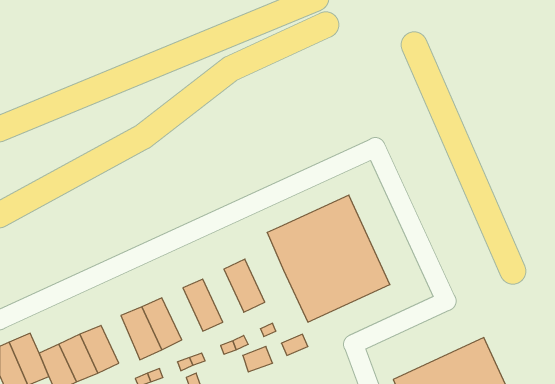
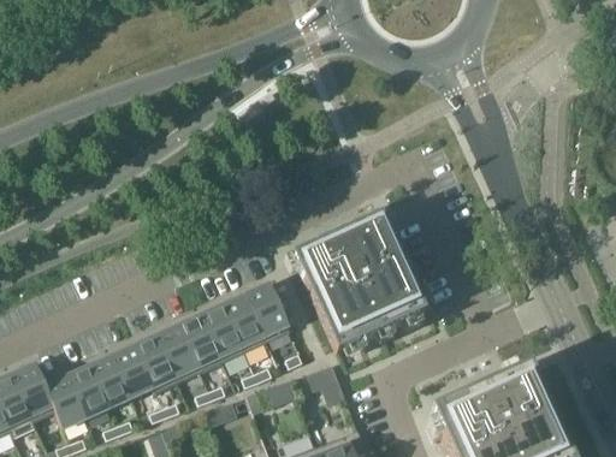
building: none -> [224,295,268,352]
building: none -> [179,315,224,372]
building: none -> [113,345,153,397]

